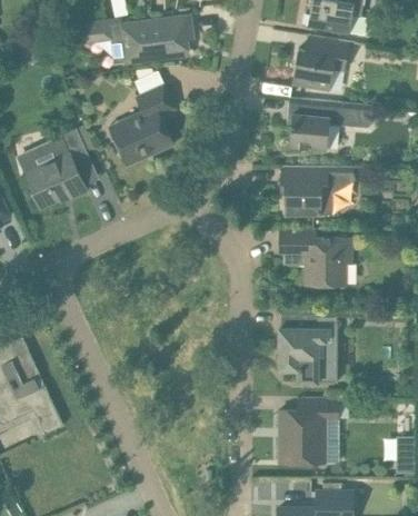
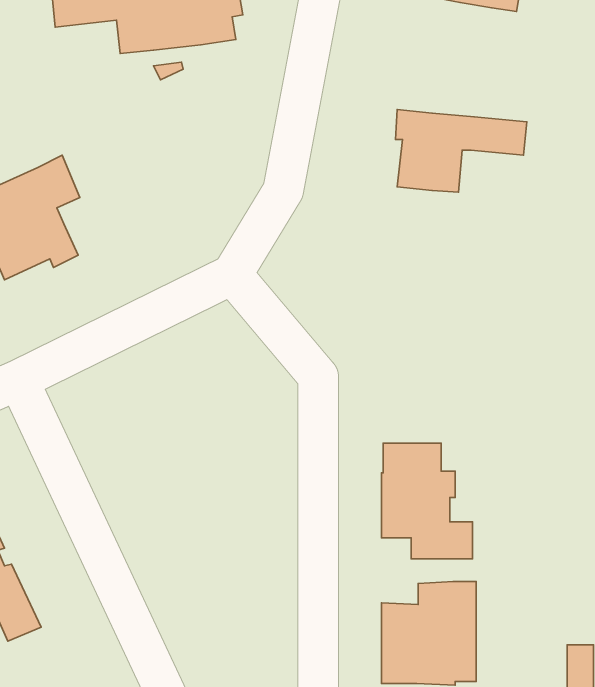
building: [291,37,349,91] -> none
building: [111,86,175,167] -> none
building: [280,167,354,216] -> none
building: [279,229,351,287] -> none

